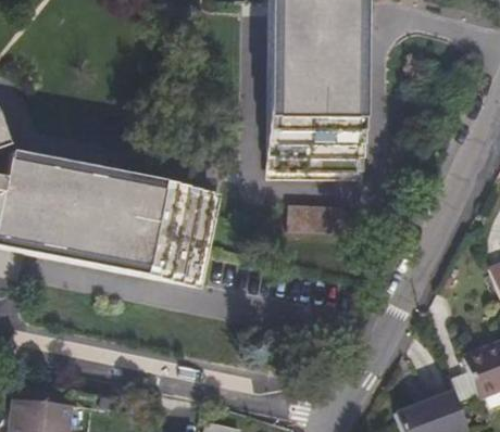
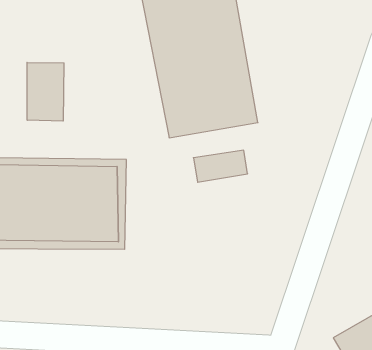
building: none -> [27,62,64,121]

